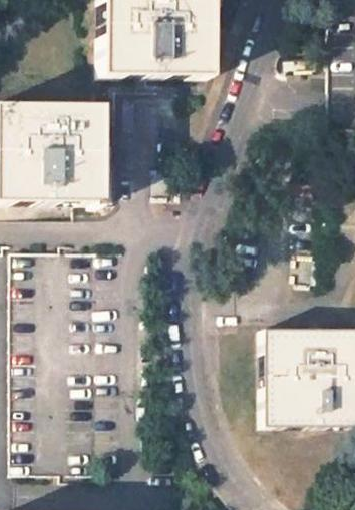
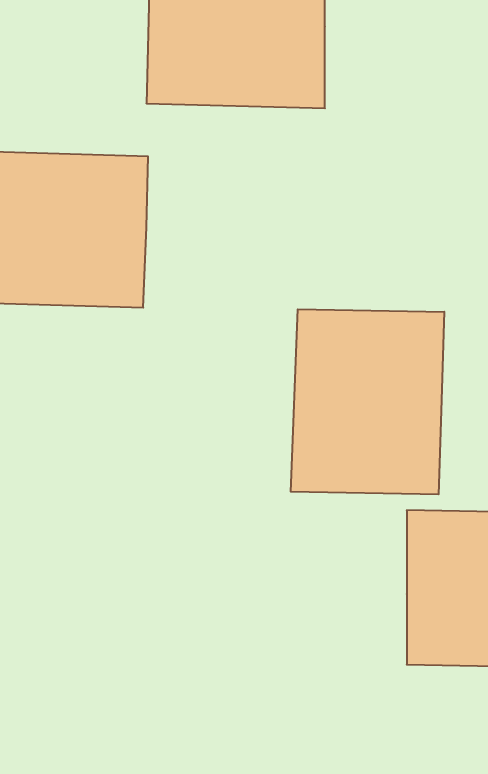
building: none -> [291,309,444,494]

